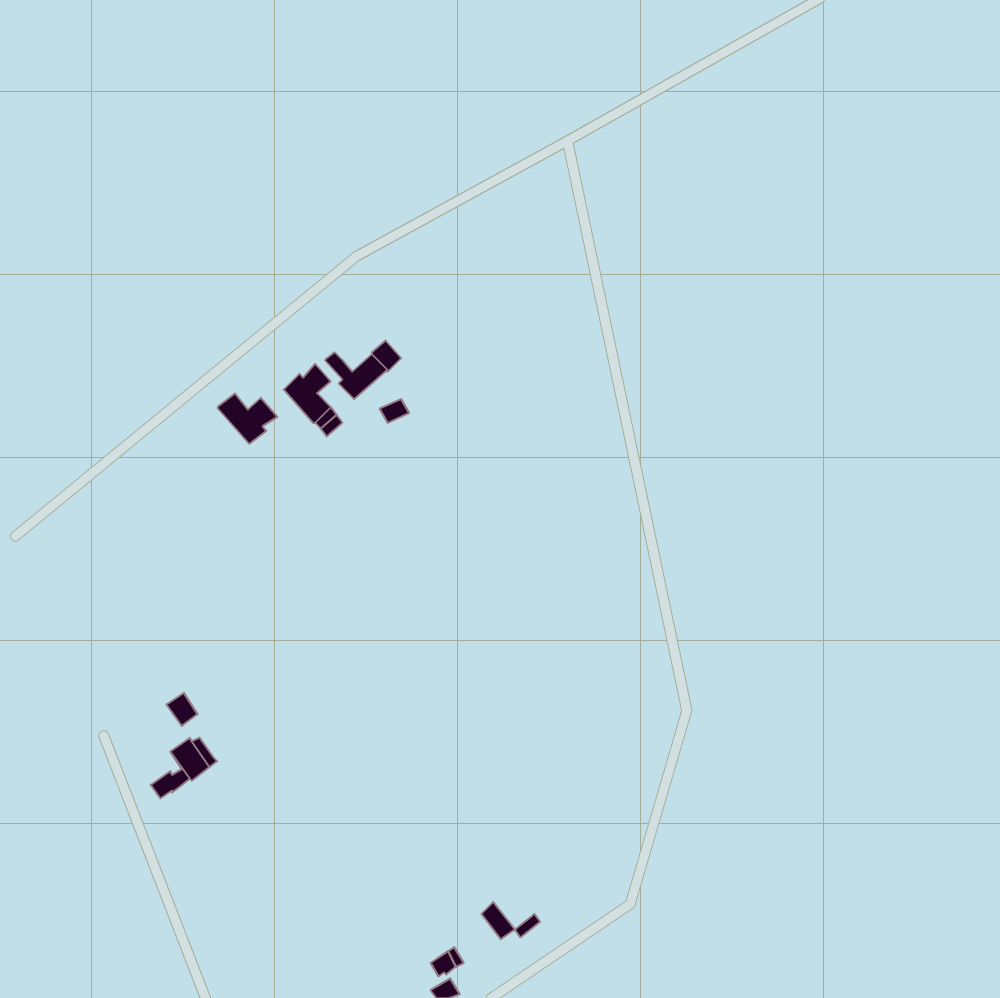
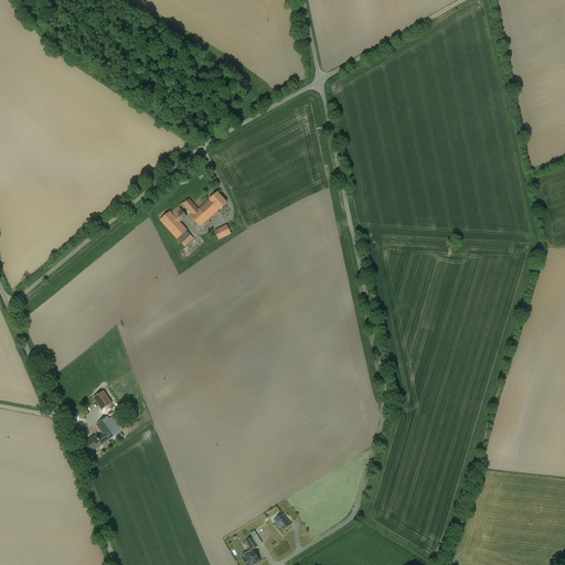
building: [218,393,277,444] -> none

